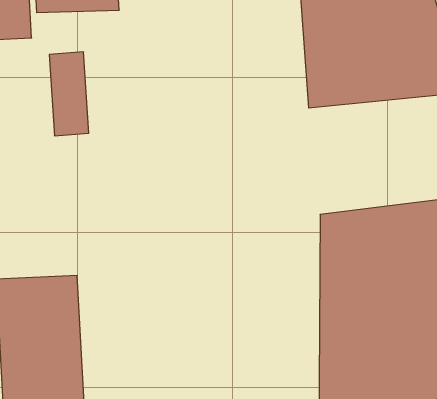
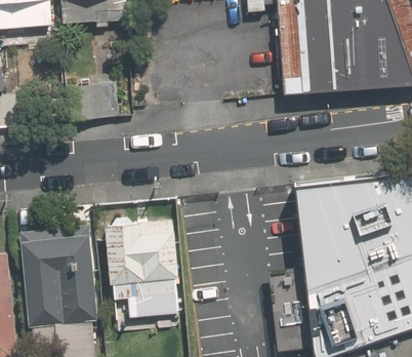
building: none -> [113,216,180,314]

